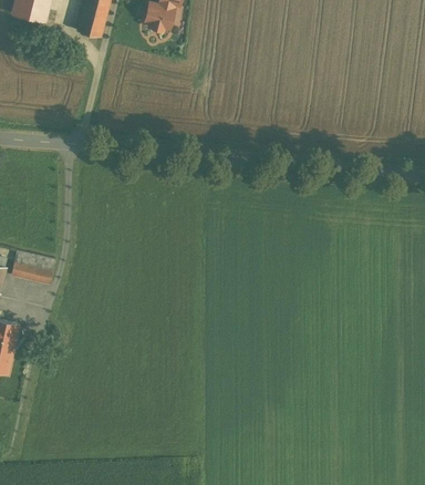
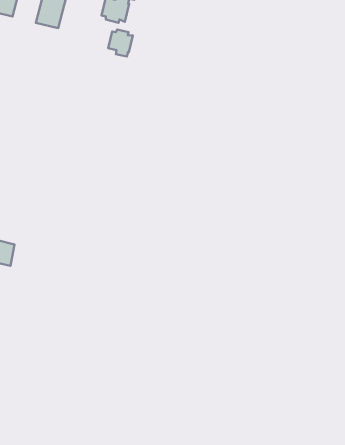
building: none -> [108,30,133,56]

